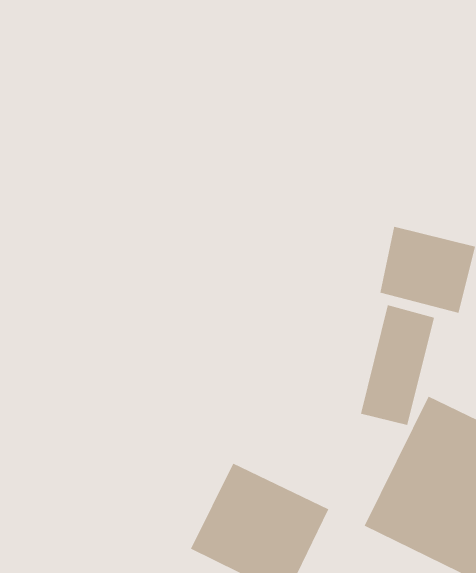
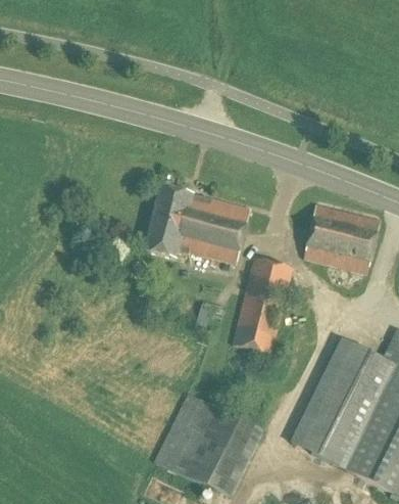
building: none -> [143,185,249,263]
building: [360,305,435,425] -> [232,257,291,353]

